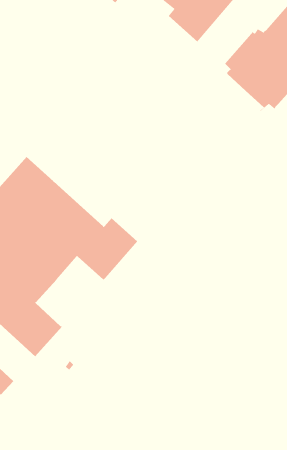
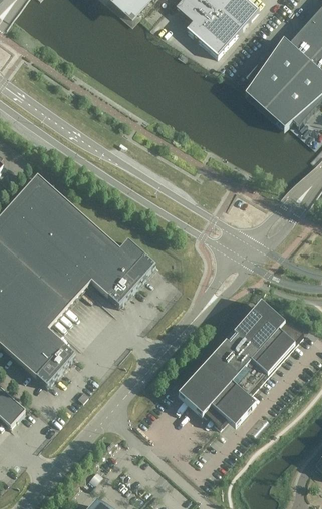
building: none -> [177,302,302,427]

